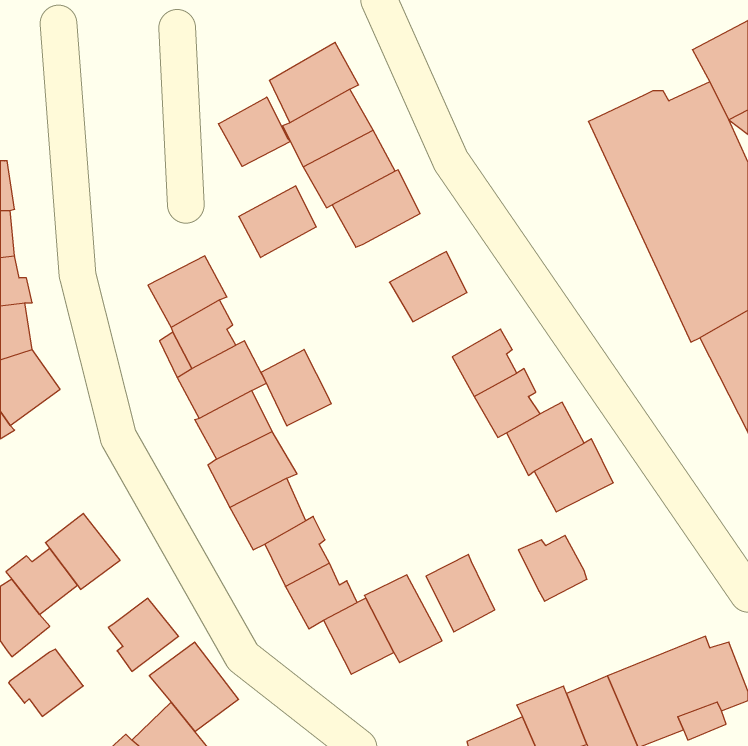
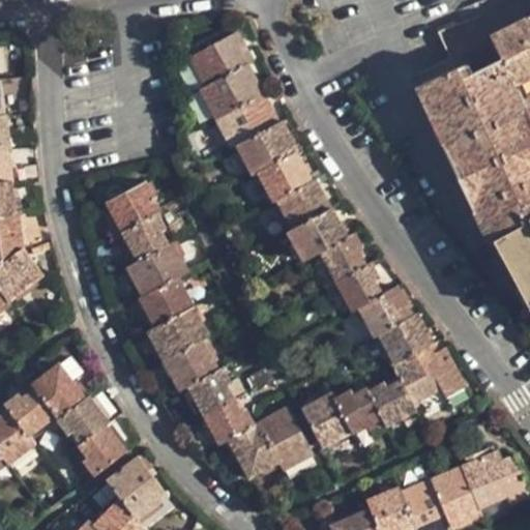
building: [218,97,290,166] -> none
building: [239,186,316,258] -> [257,152,312,203]
building: none -> [287,208,347,262]
building: [261,349,331,426] -> none
building: none -> [391,346,465,405]
building: none -> [333,388,381,434]
building: [9,649,83,716] -> [56,395,109,443]

